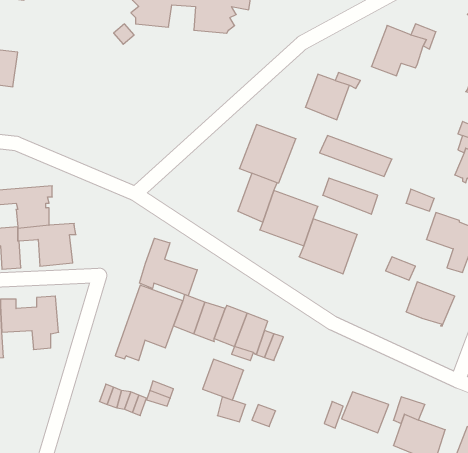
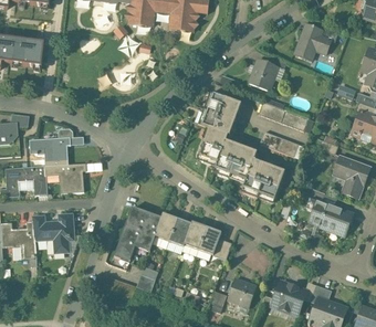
building: [139,238,197,296] -> none
building: [203,359,244,400] -> [228,278,257,307]

